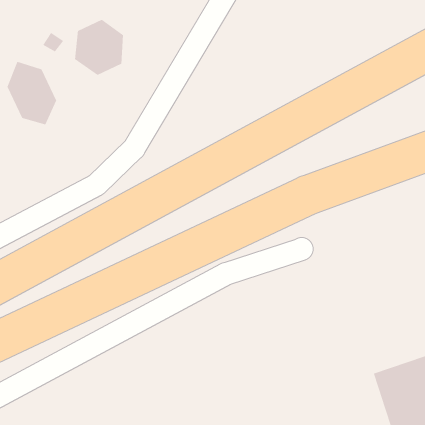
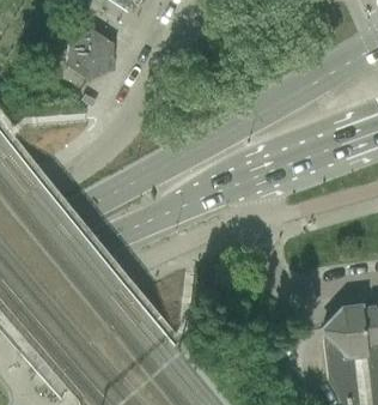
building: [7,61,57,125] -> none

